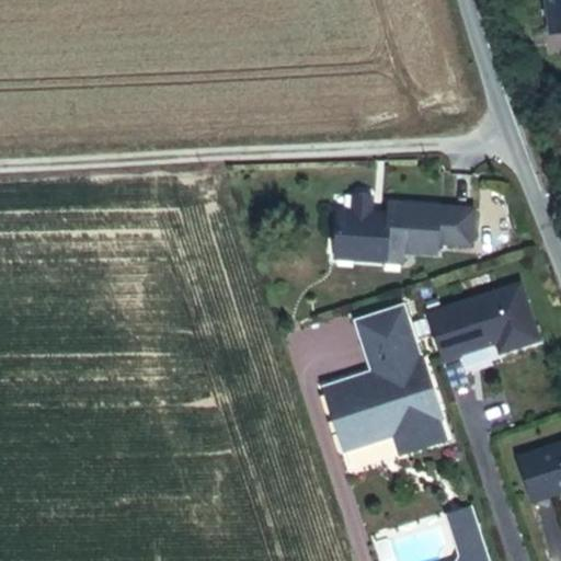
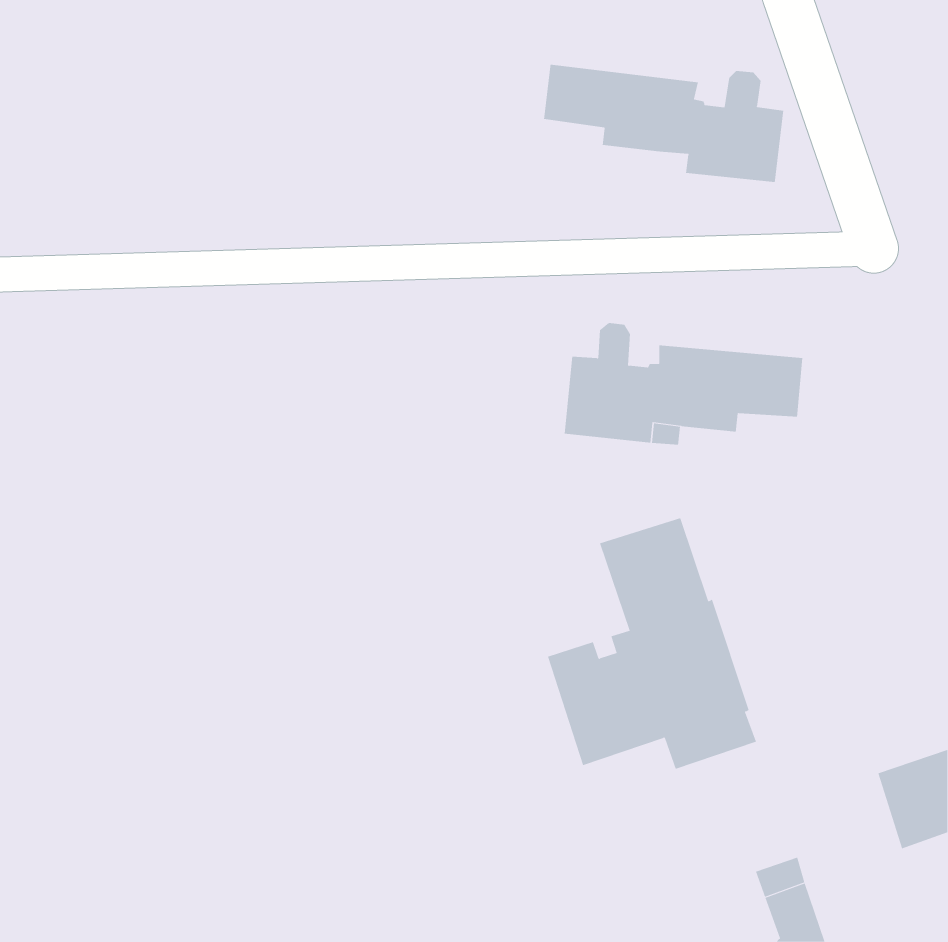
building: none -> [544,64,784,183]
building: [425,282,541,363] -> none

